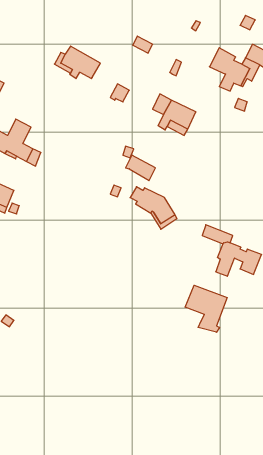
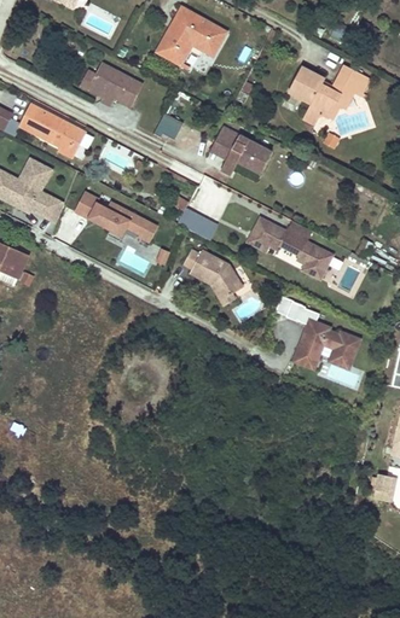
building: none -> [156,6,226,64]
building: none -> [19,105,83,153]
building: none -> [73,194,156,245]
building: none -> [249,217,332,278]
building: [185,285,227,332] -> none

